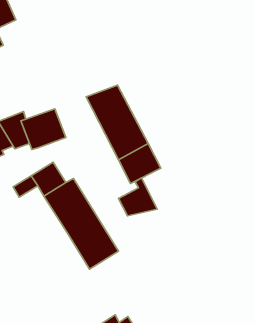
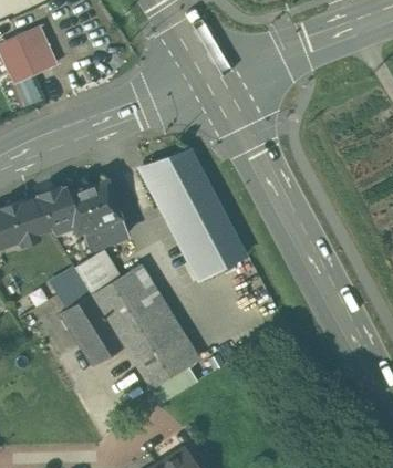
building: none -> [84,218,127,249]
building: [118,178,157,216] -> none
building: none -> [62,294,125,365]

